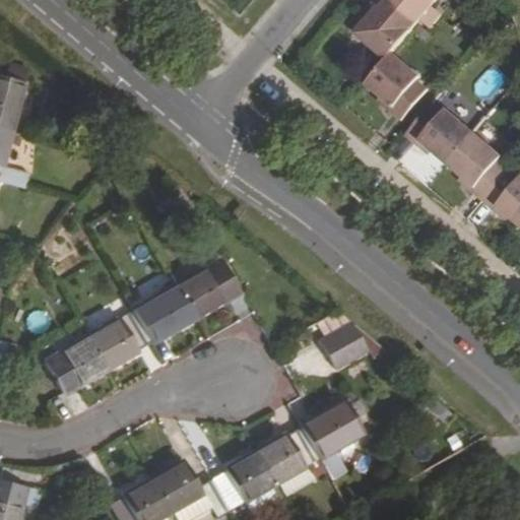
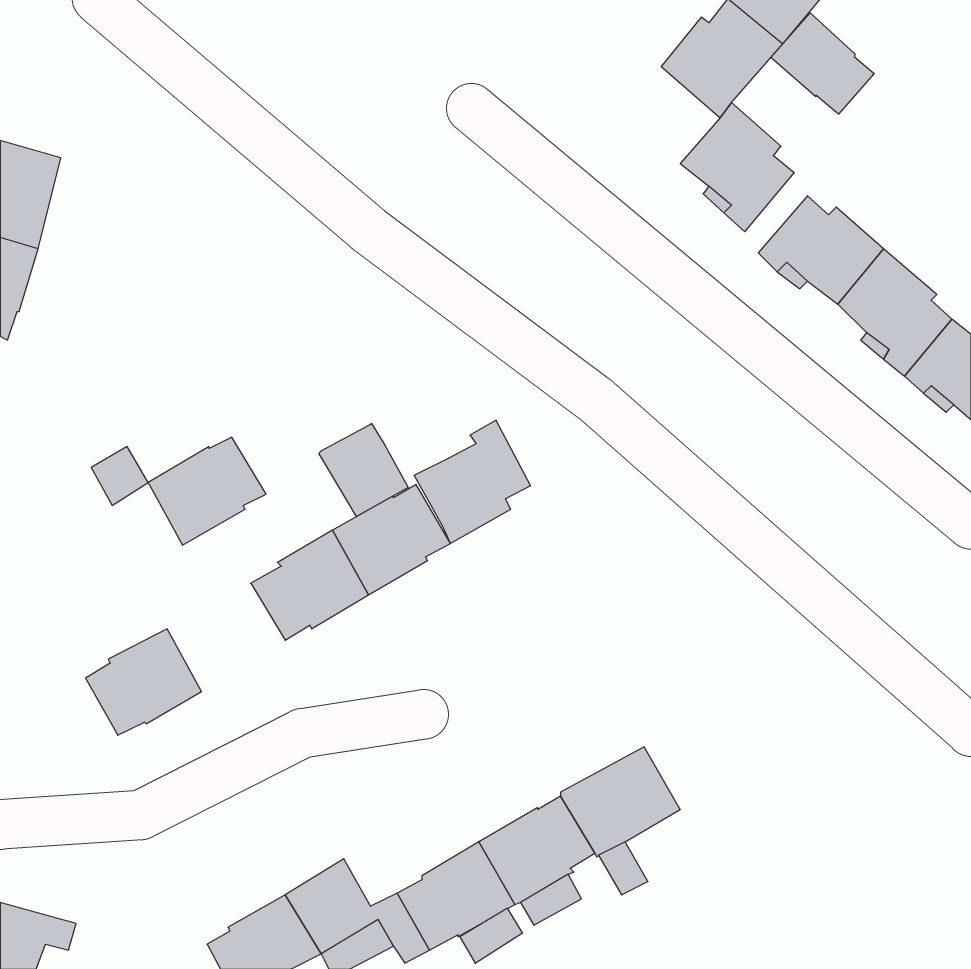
building: none -> [771,13,874,114]
building: none -> [414,420,531,543]
building: none -> [319,423,408,517]
building: [89,312,152,370] -> [148,437,266,545]
building: [320,318,371,368] -> none

